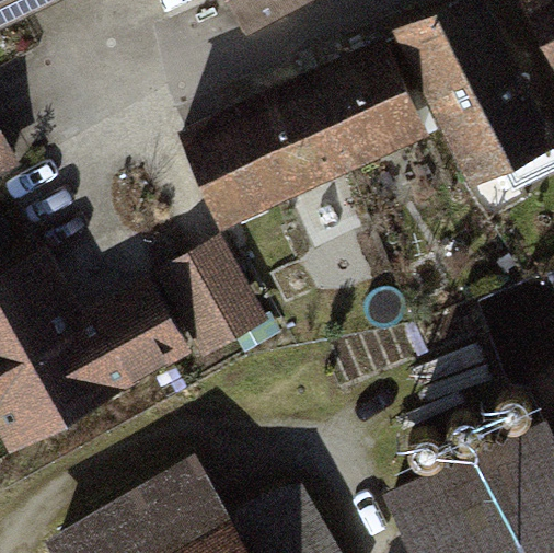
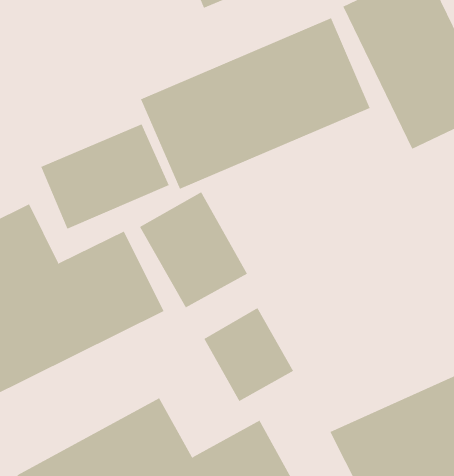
building: none -> [40,123,169,229]
building: none -> [203,307,294,402]

